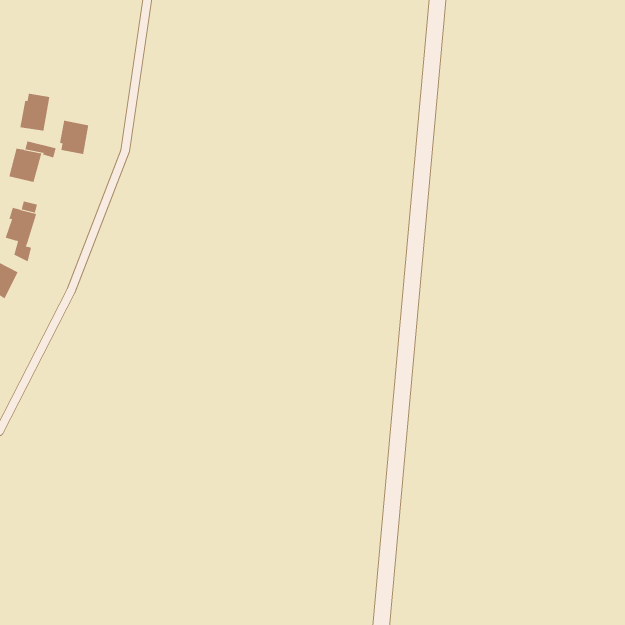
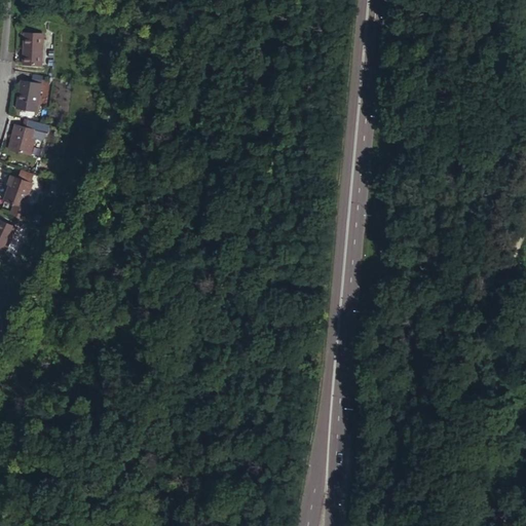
building: none -> [23,32,43,63]
building: [60,120,89,155] -> none

